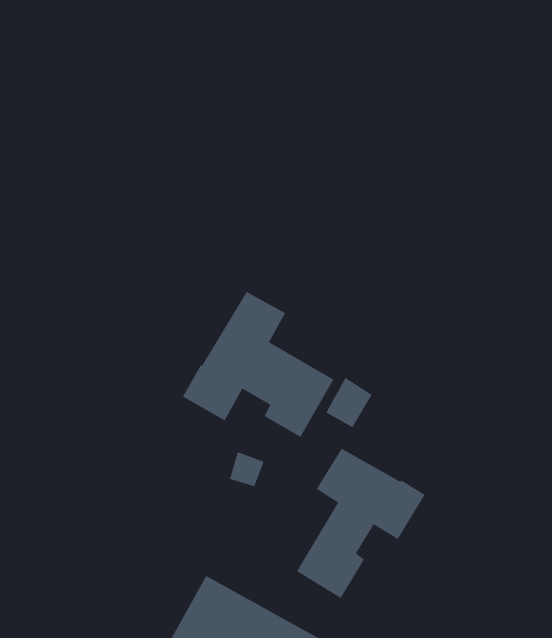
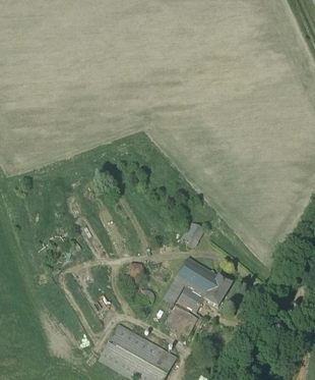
building: [182,291,334,438] -> none

